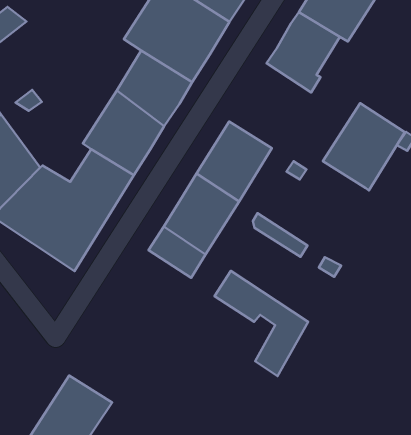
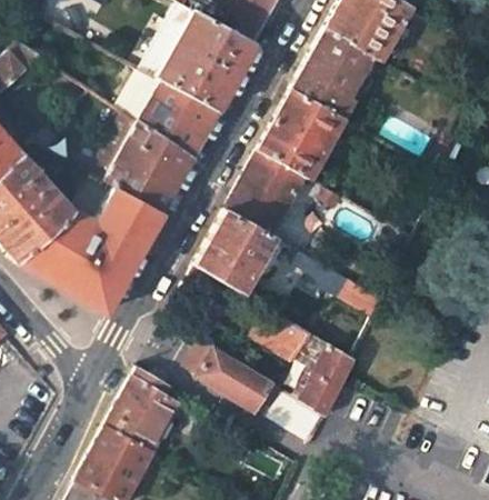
building: none -> [118,67,162,123]
building: [323,103,405,190] -> [259,86,343,177]
building: none -> [187,339,326,437]
building: none -> [107,367,181,451]

